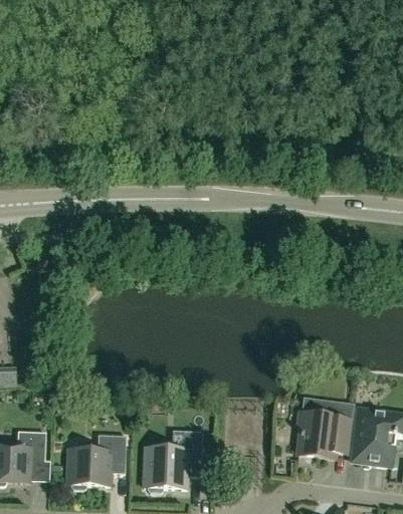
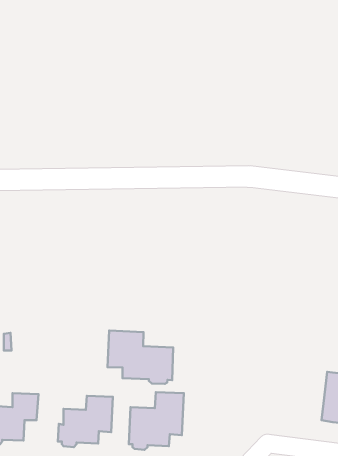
building: none -> [108,330,173,384]
building: [297,406,352,458] -> none

